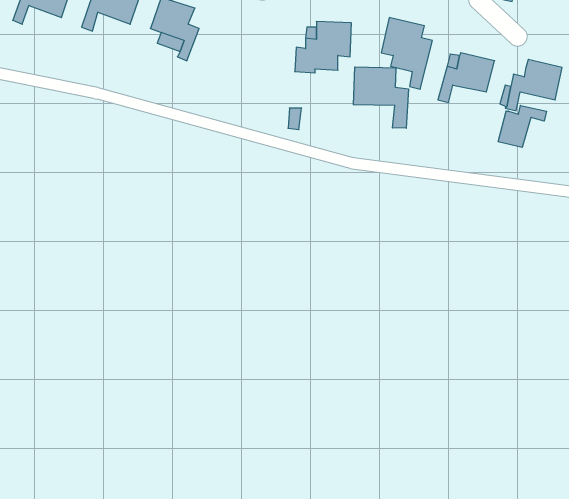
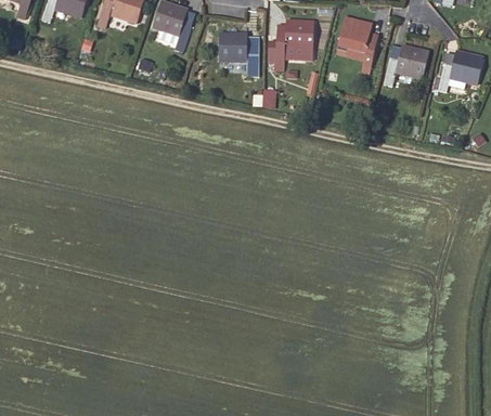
building: none -> [218,34,255,76]
building: [353,67,408,128] -> none
building: [498,105,547,147] -> none

